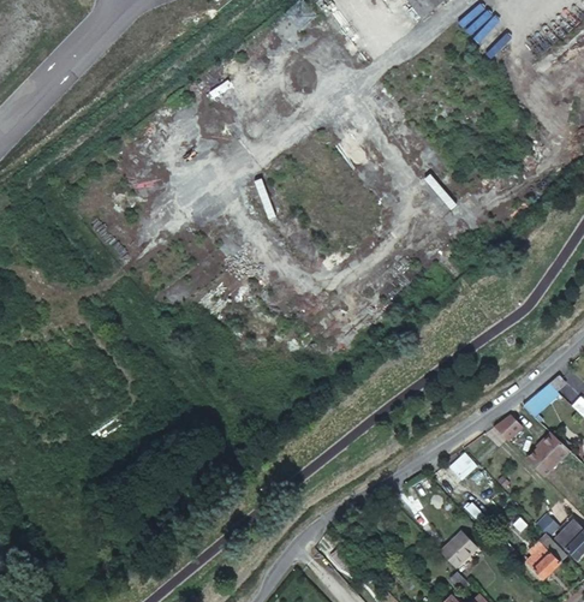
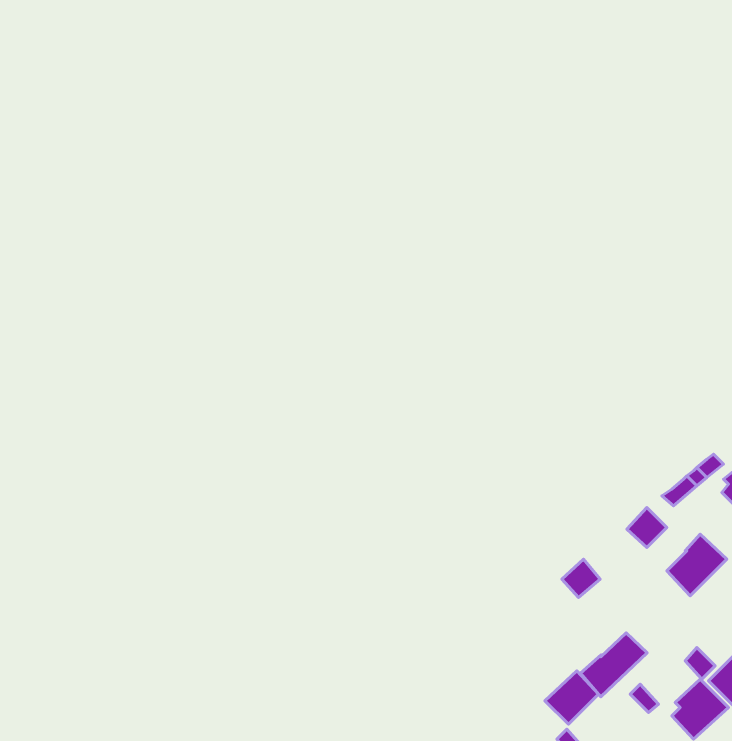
building: none -> [581,633,647,697]

